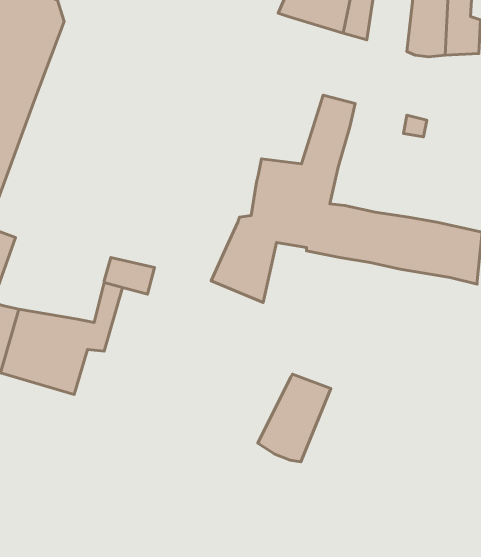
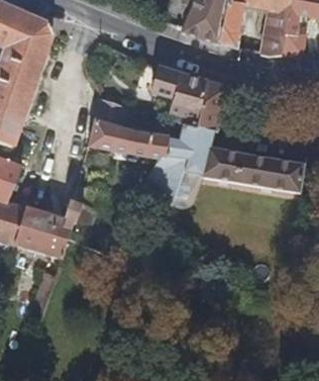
building: none -> [153,67,208,114]
building: none -> [90,115,171,157]
building: [258,374,331,462] -> none

